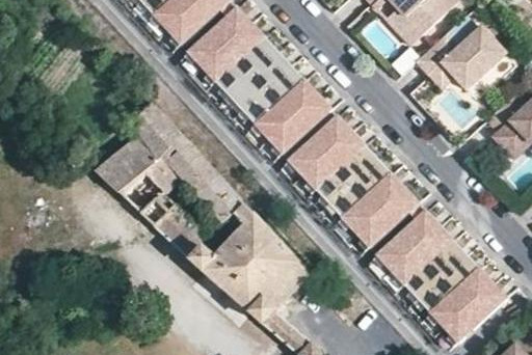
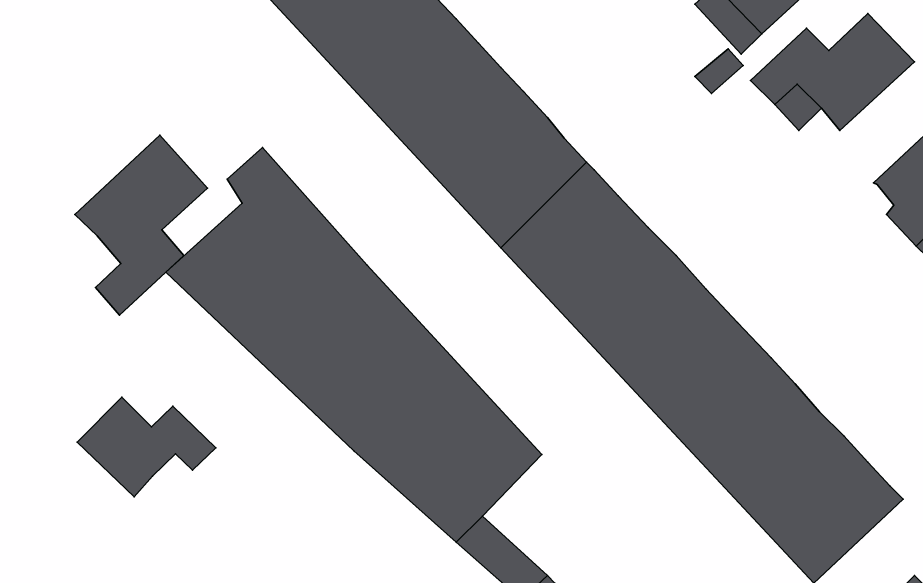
building: none -> [75,135,208,315]
building: none -> [77,397,216,497]

